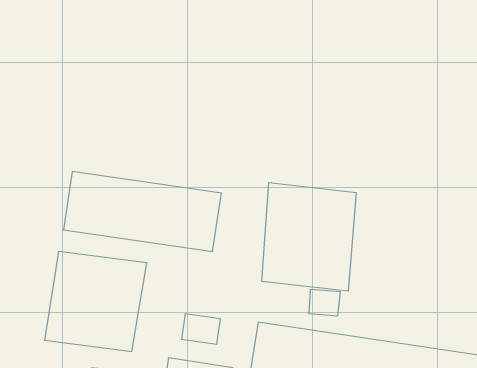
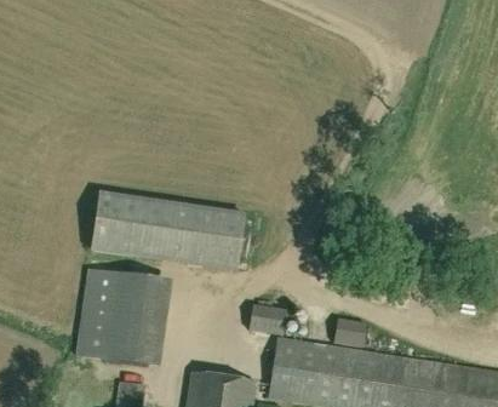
building: [262,183,356,291] -> none
building: [181,314,221,344] -> [250,304,287,333]

